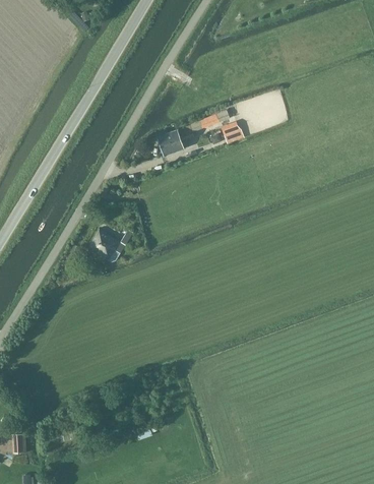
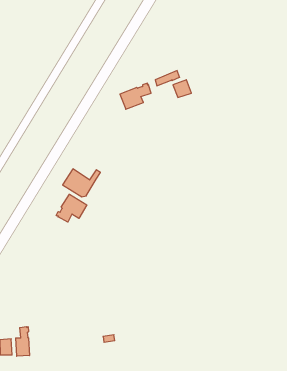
building: none -> [56,194,87,222]
building: none -> [16,327,29,356]

